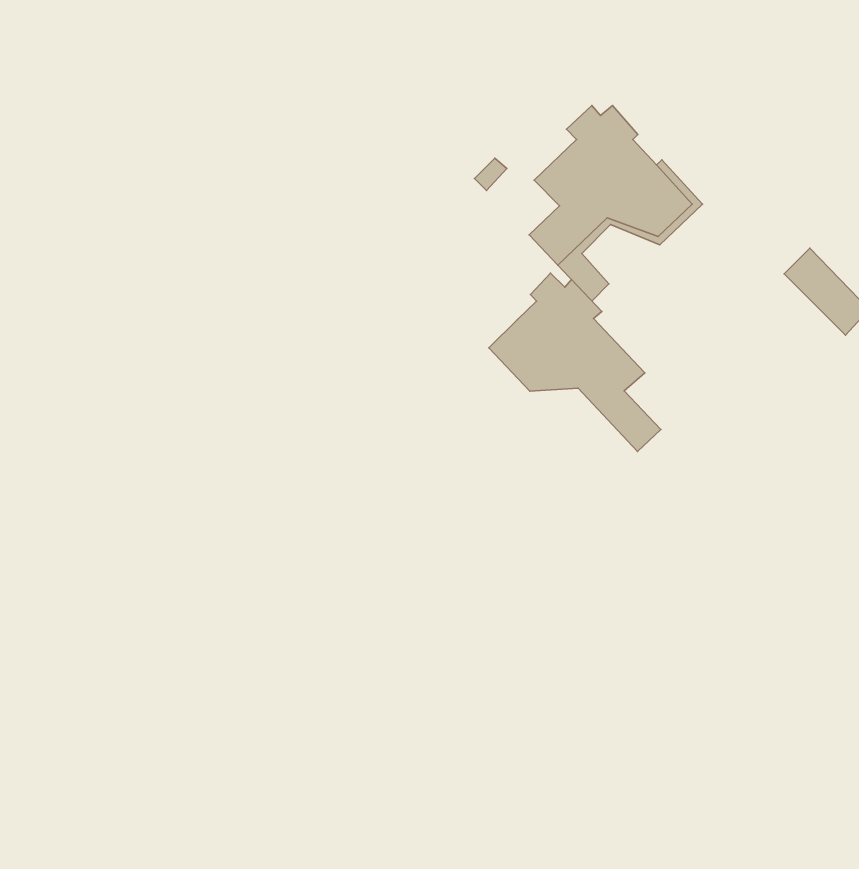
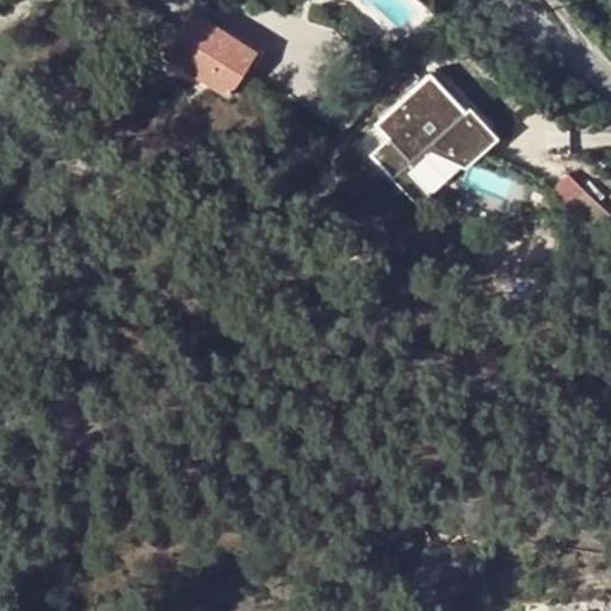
building: none -> [171,11,264,97]
building: [489,273,661,451] -> none

